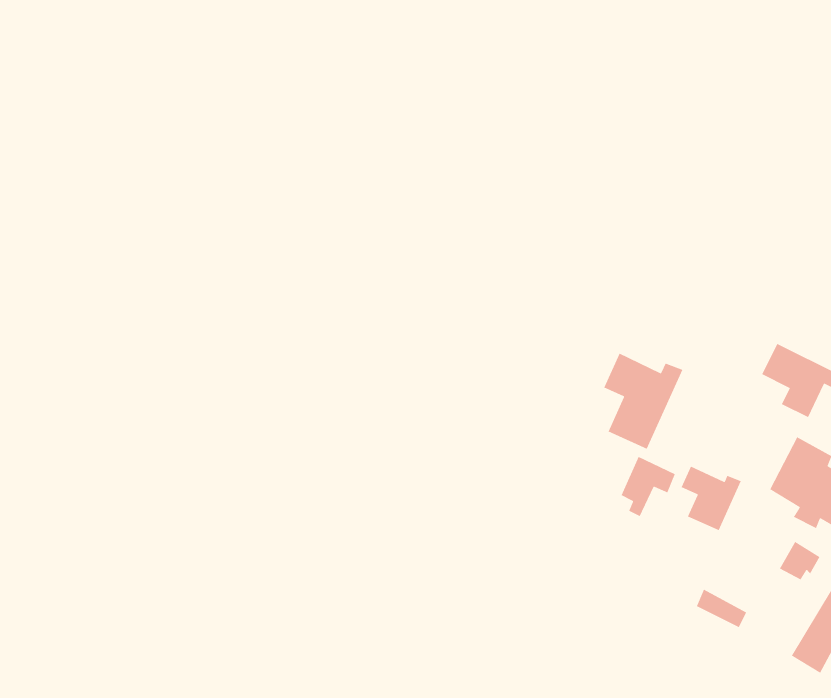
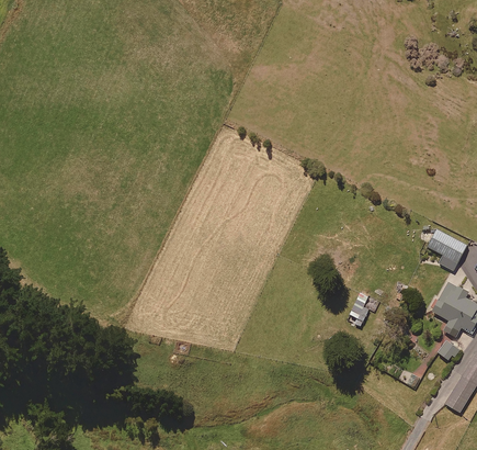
building: [603,353,684,450] -> none
building: [681,465,742,531] -> none

